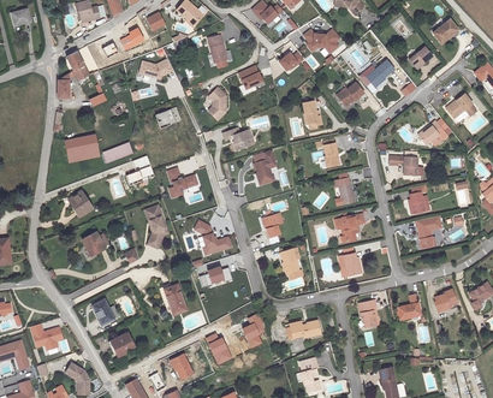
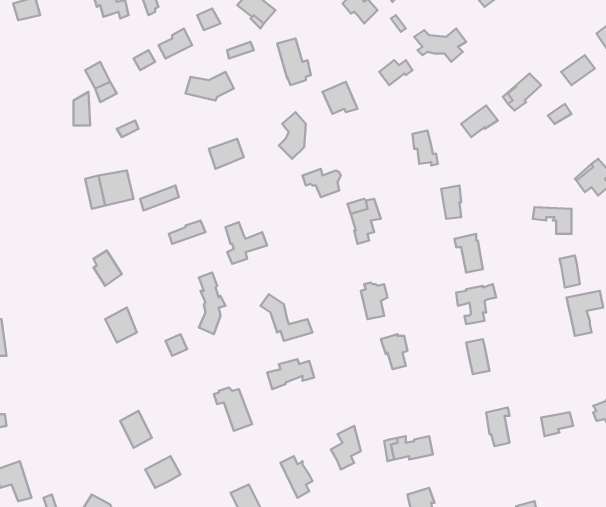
building: [30,323,63,350] -> none

